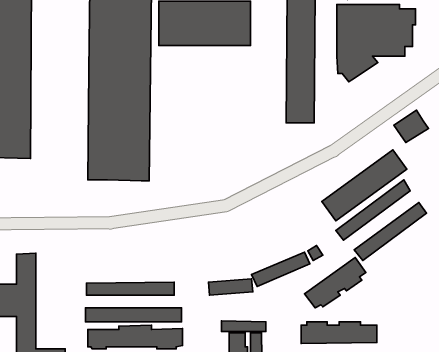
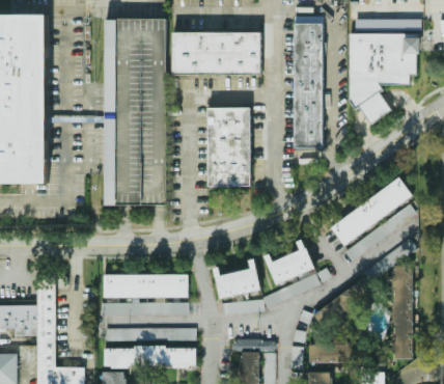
building: none -> [207,108,250,186]
building: [394,110,428,142] -> [358,93,391,125]
building: none -> [266,238,315,282]
building: none -> [214,257,260,297]
building: none -> [391,268,412,358]
building: none -> [103,274,187,297]

